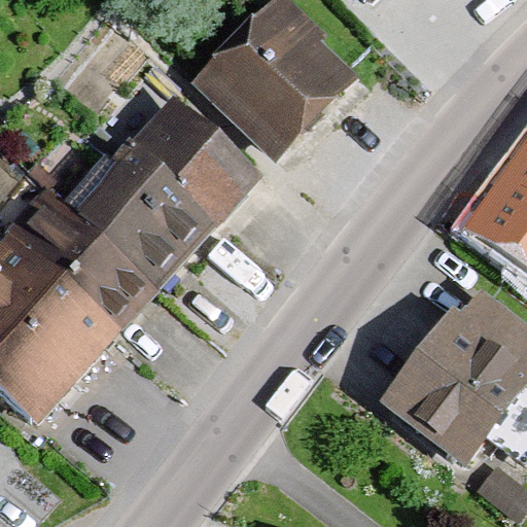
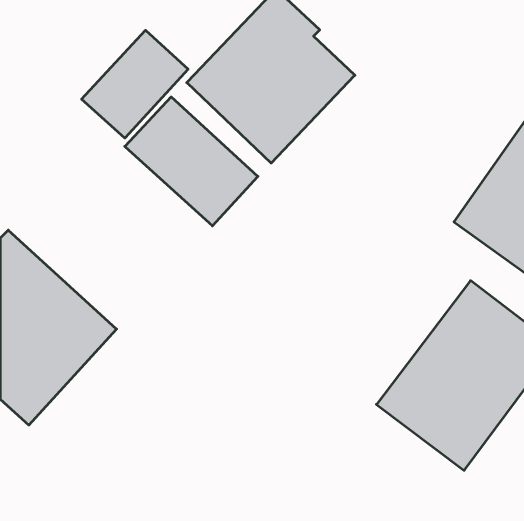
building: none -> [82,30,188,138]
building: [7,146,215,328] -> none

